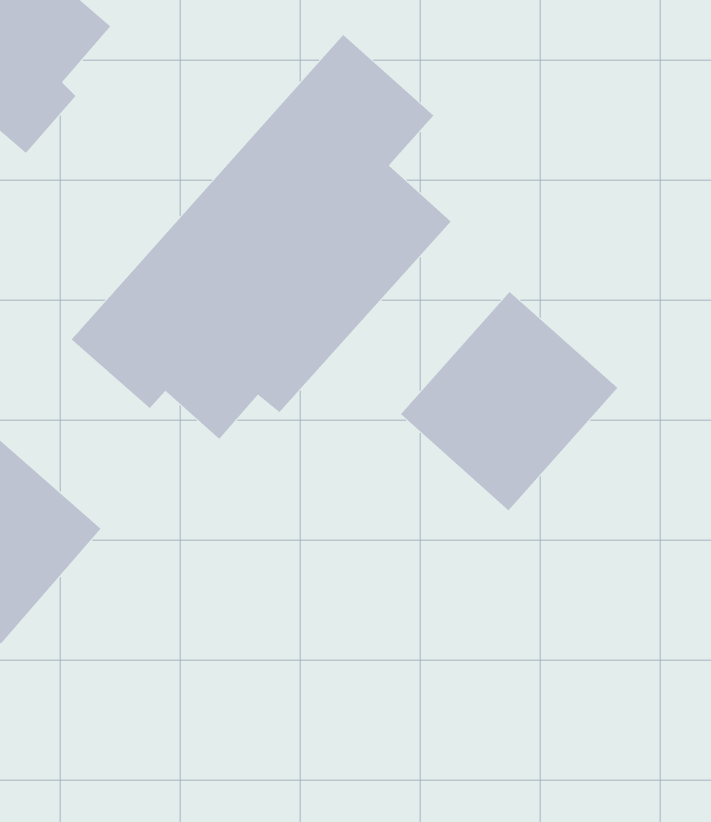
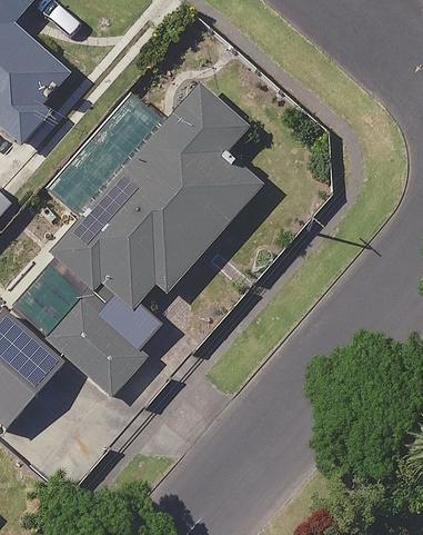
building: [400,291,618,511] -> none
building: none -> [46,298,149,397]

